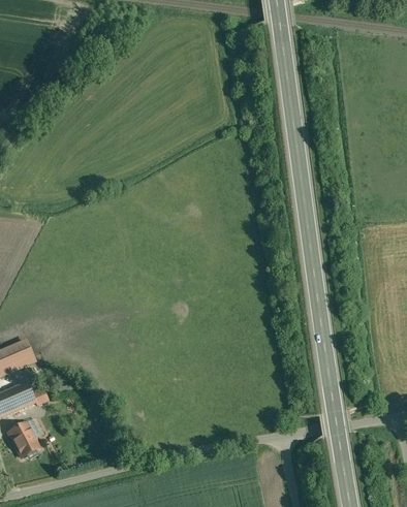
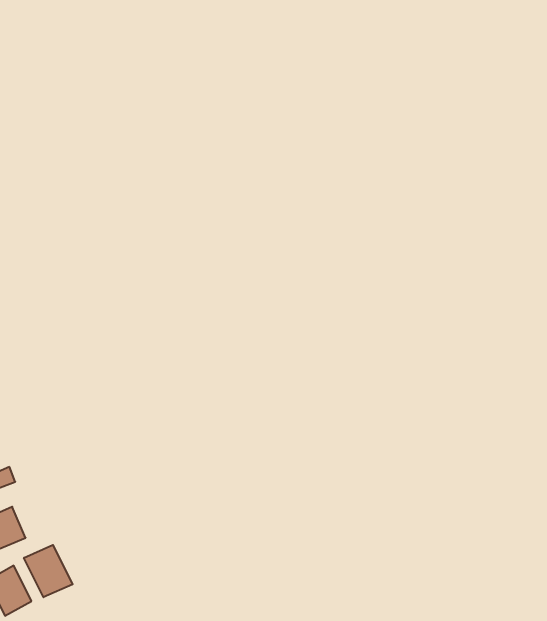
building: none -> [24,545,73,597]

